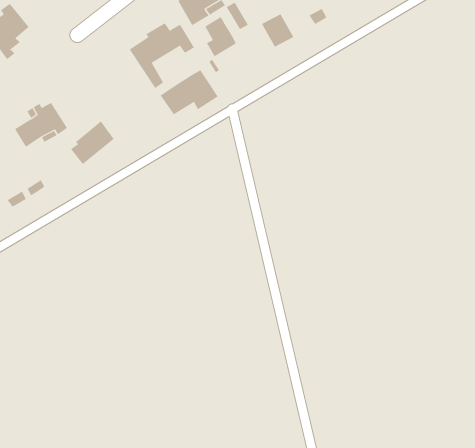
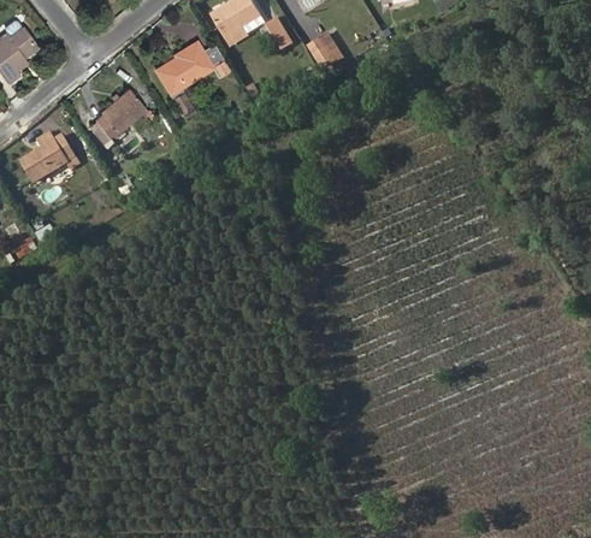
building: [205,16,237,57] -> none
building: [160,69,218,115] -> none
building: [70,120,115,165] -> [93,89,144,141]

